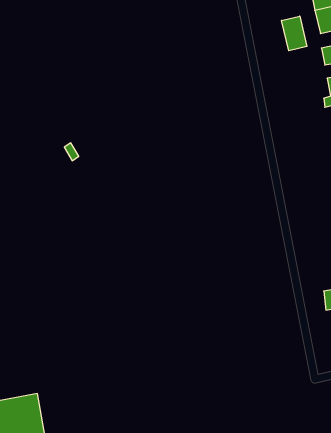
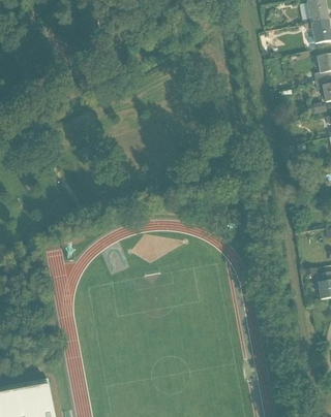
building: [282,16,307,51] -> none

